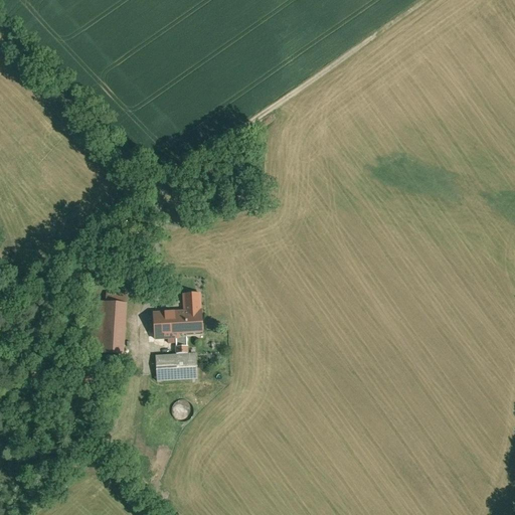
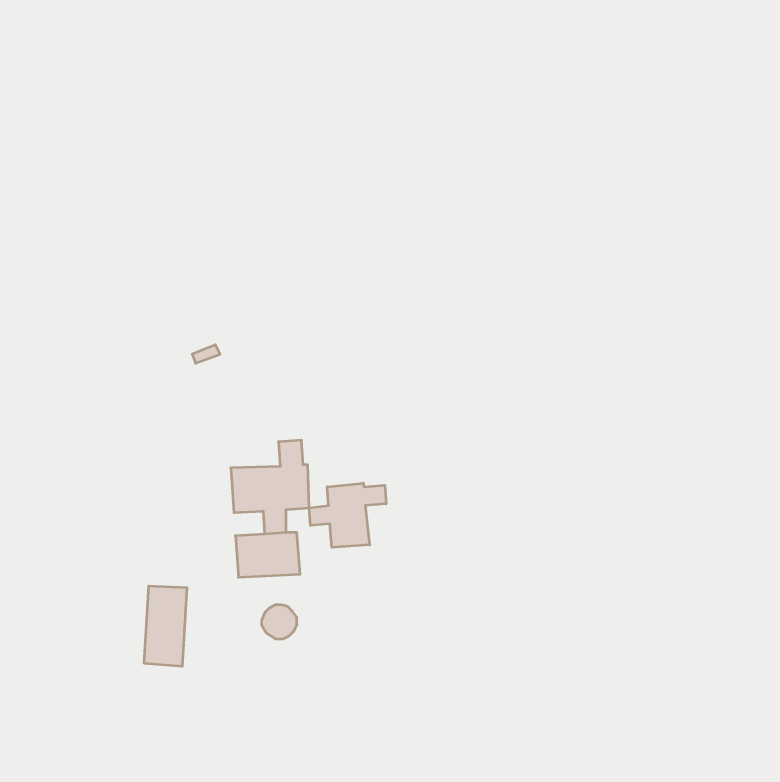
building: [98,300,126,352] -> [144,586,187,666]
building: none -> [309,483,386,547]

